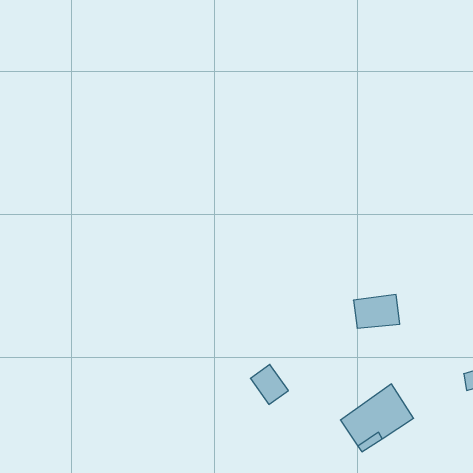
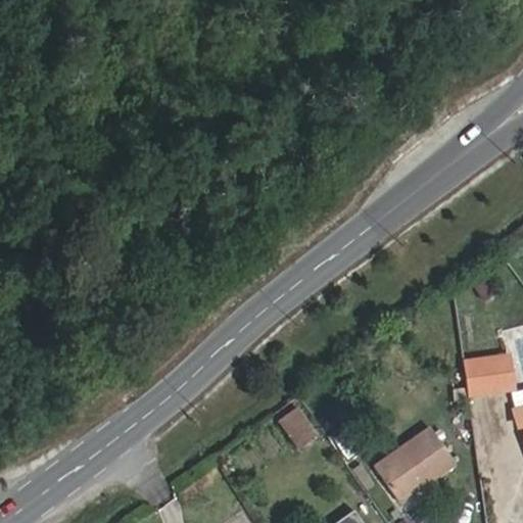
building: [353,295,400,328] -> [464,359,515,395]

